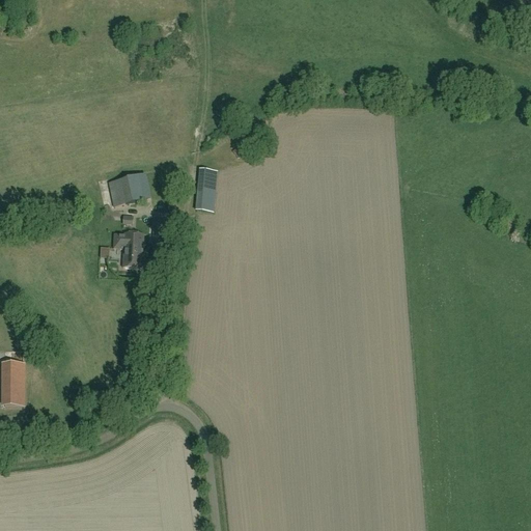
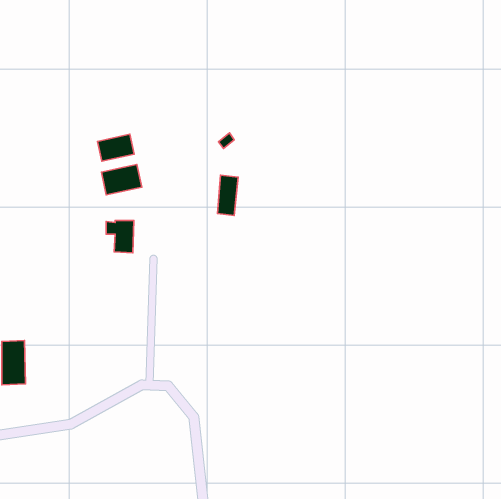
building: none -> [97,134,134,161]
building: [194,167,216,209] -> [217,175,238,215]

